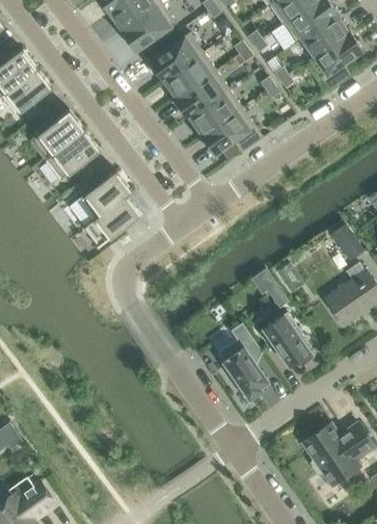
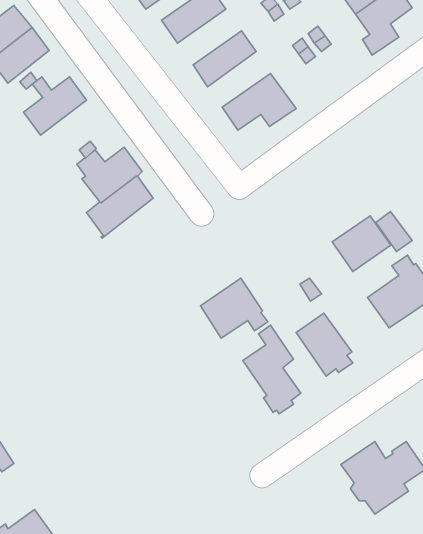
building: [162,52,217,100] -> none
building: [188,88,242,136] -> none
building: [45,130,101,181] -> none
building: none -> [332,216,391,271]
building: none -> [200,278,268,338]

